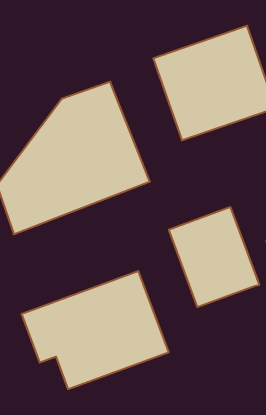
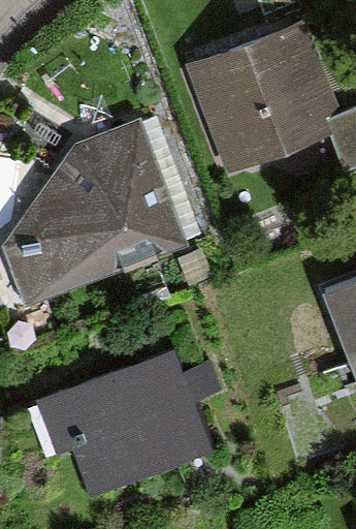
building: [169,207,259,307] -> none

